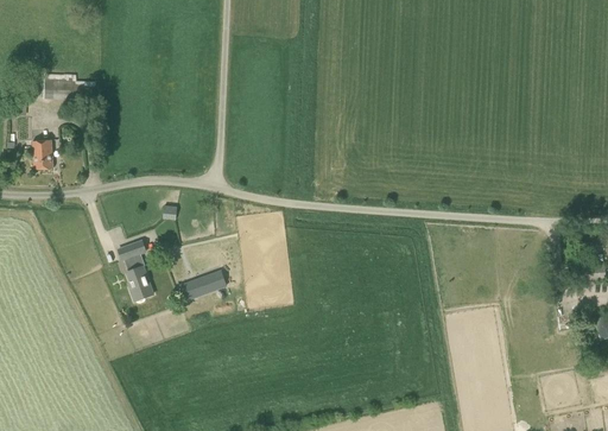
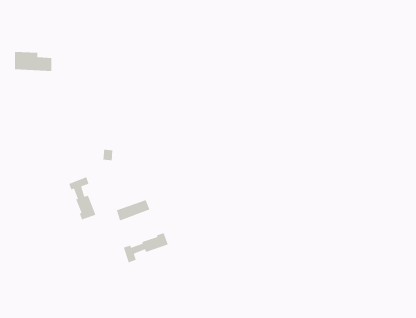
building: [32,139,52,169] -> none
building: none -> [123,232,169,264]

